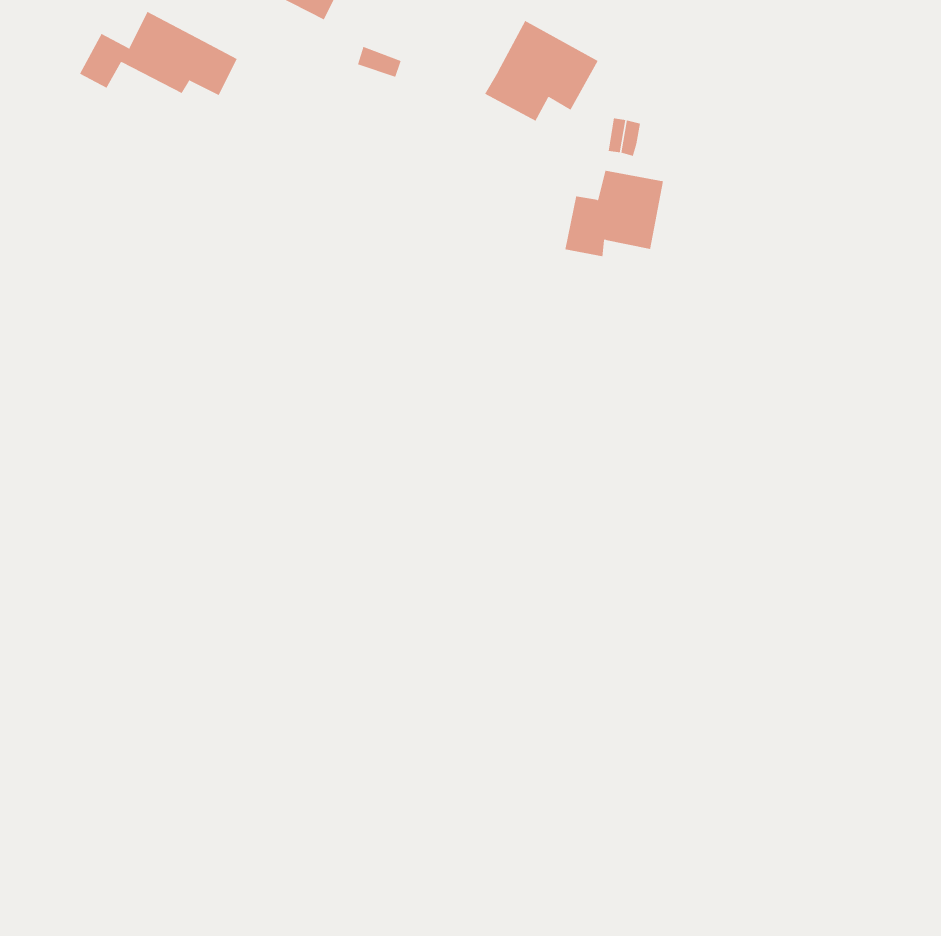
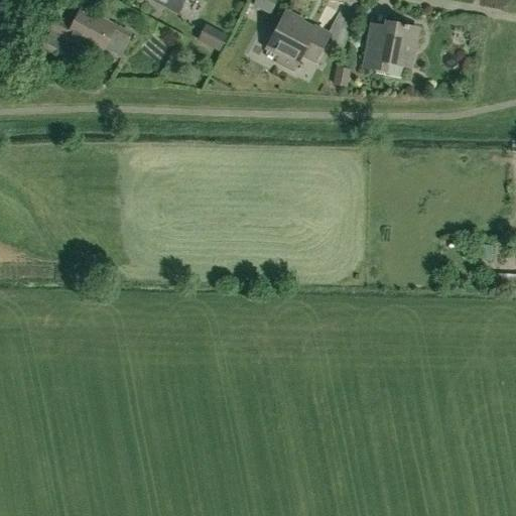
building: [564,170,664,257] -> [364,22,418,70]

